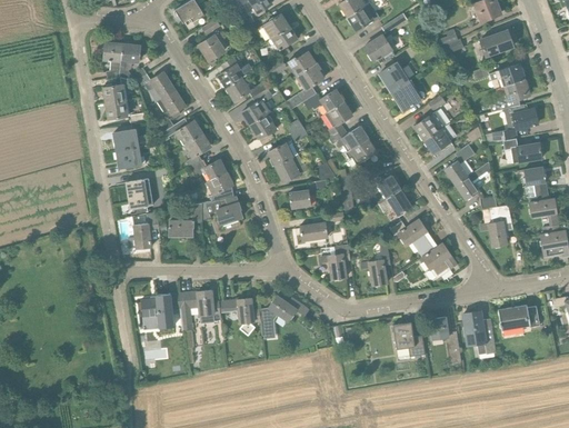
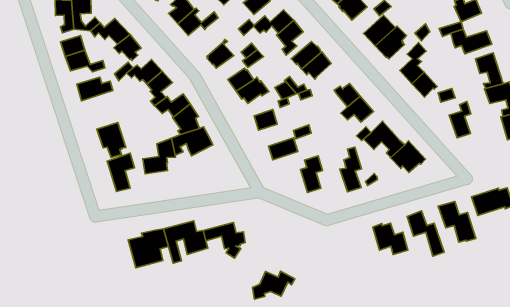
building: [241,87,271,125] -> none
building: [116,146,143,167] -> none
building: [260,295,305,322] -> [253,271,295,299]

